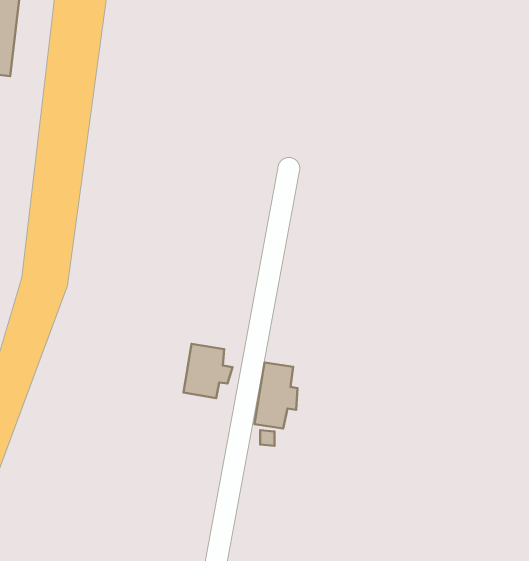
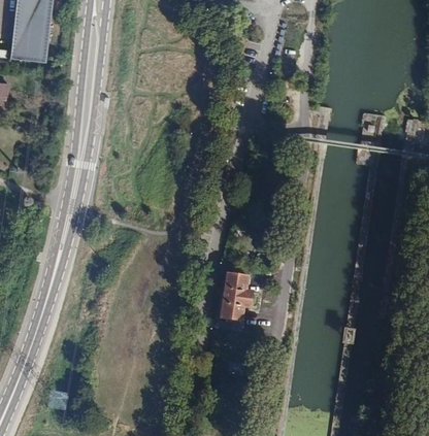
building: [184,344,233,398] -> none

